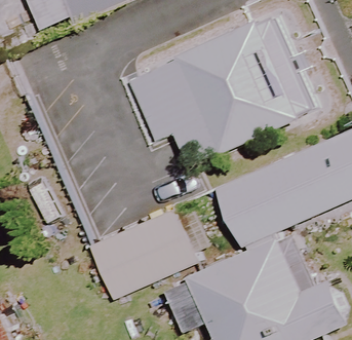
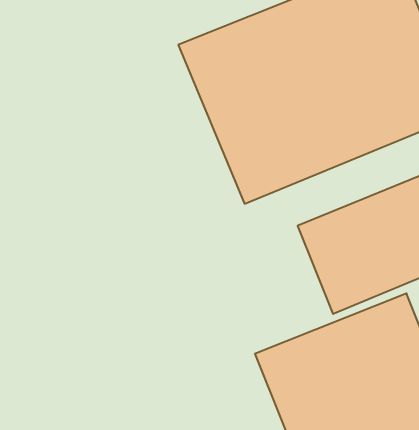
building: [79,204,184,294] -> none

